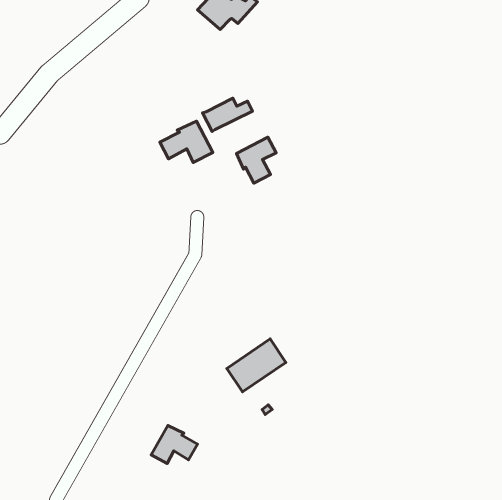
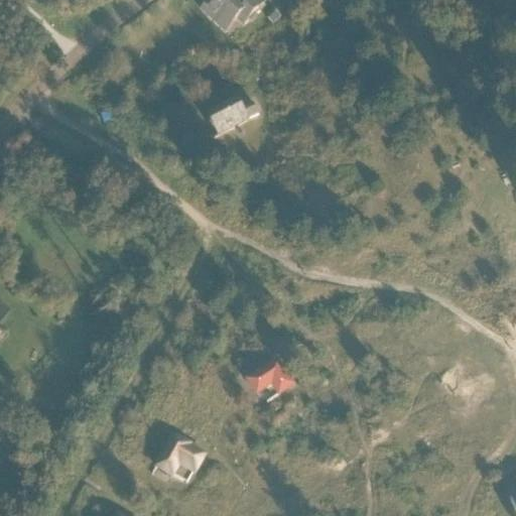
building: [160,121,213,162] -> none
building: [236,137,276,183] -> none

